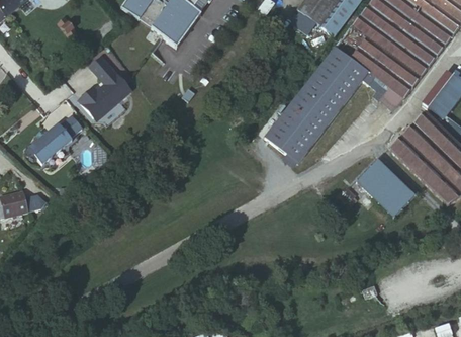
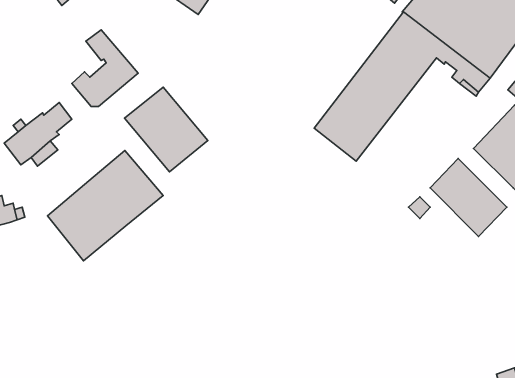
building: none -> [125,87,208,172]
building: none -> [47,150,163,261]

